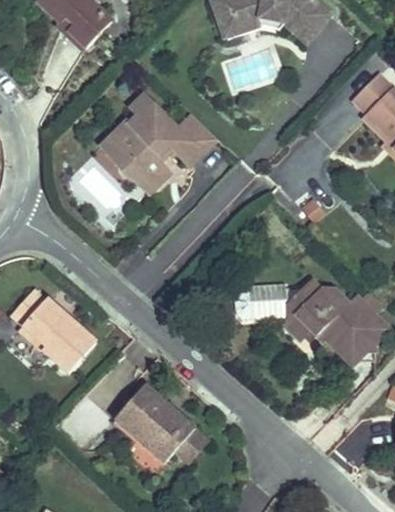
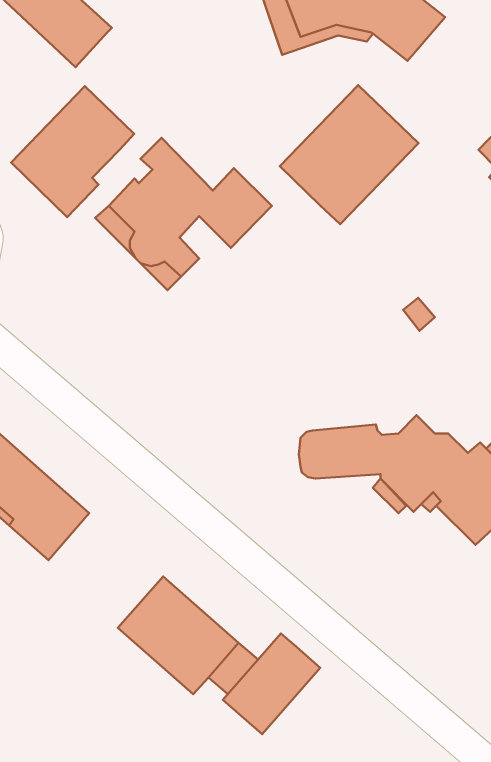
building: none -> [280,85,418,224]
building: none -> [11,86,134,217]
building: none -> [223,634,320,734]

